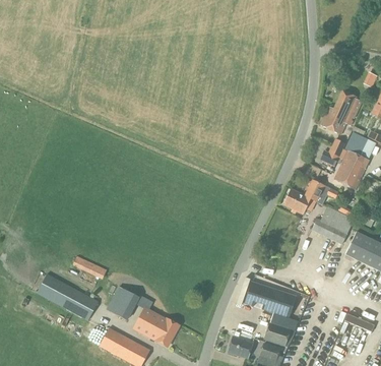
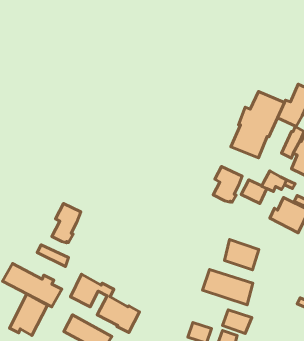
building: none -> [231,92,284,158]
building: none -> [213,166,242,202]
building: none -> [52,203,81,243]
building: none -> [224,239,259,270]
building: none -> [9,294,48,336]

